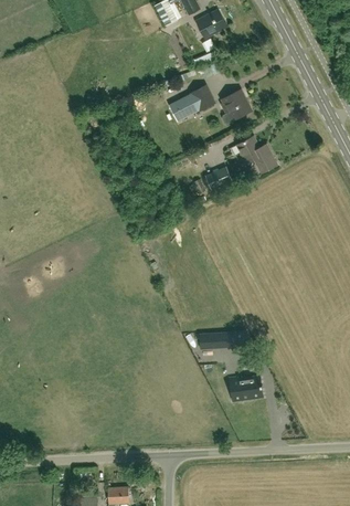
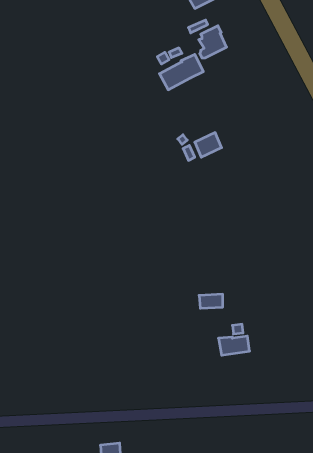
building: [221,91,250,124] -> [199,26,227,58]
building: [237,136,275,173] -> none

